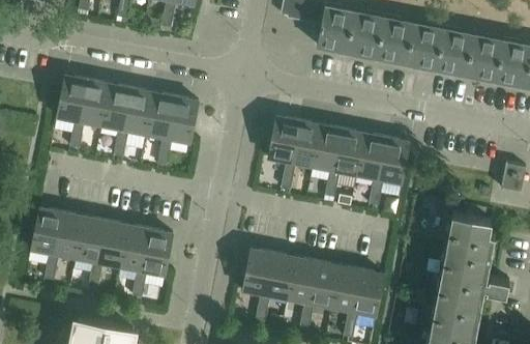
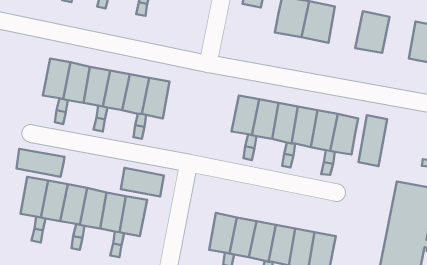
building: [376,19,414,65] -> none
building: [436,30,473,77] -> none
building: none -> [358,115,387,166]
building: none -> [17,149,65,177]
building: none -> [121,168,164,196]

